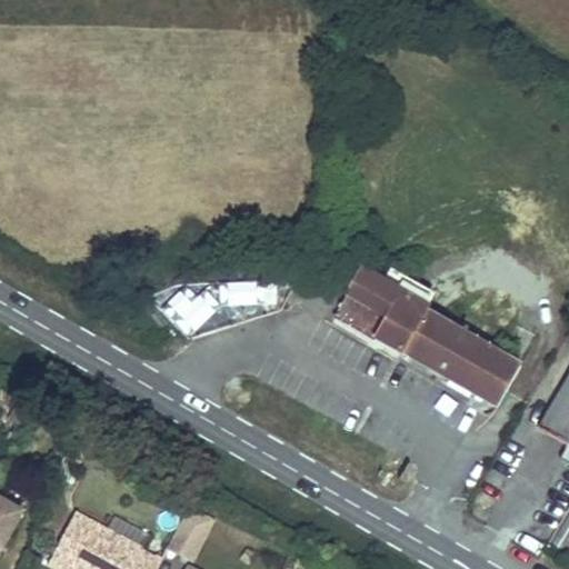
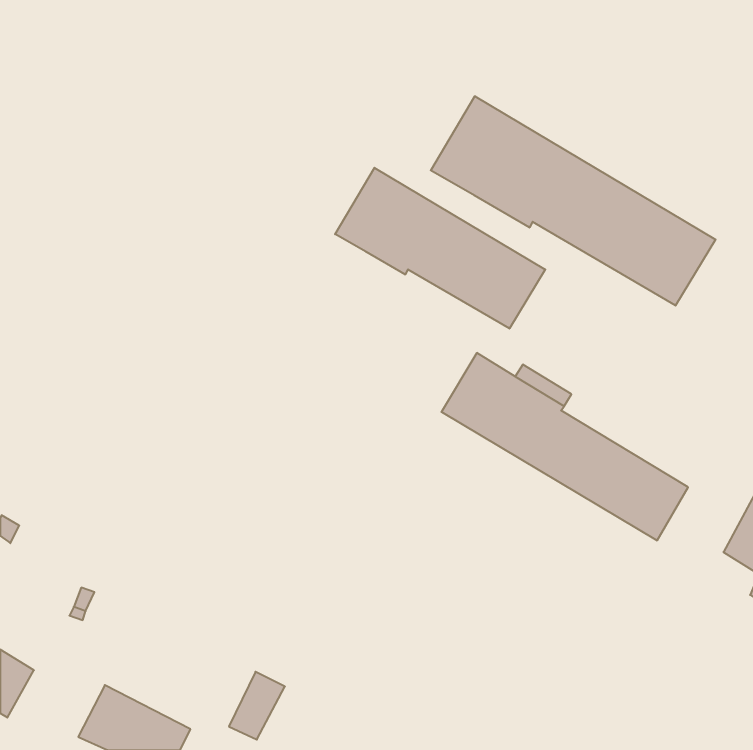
building: none -> [431,96,716,306]
building: none -> [335,168,545,329]

